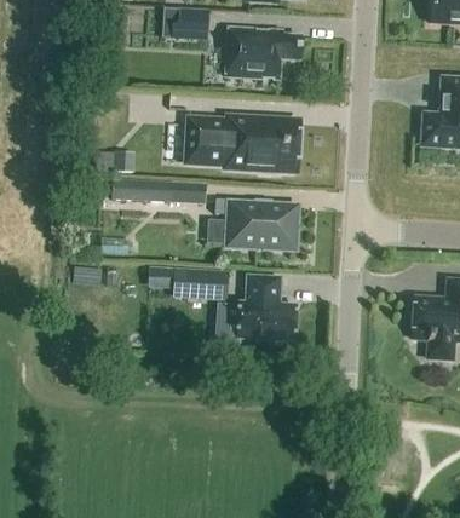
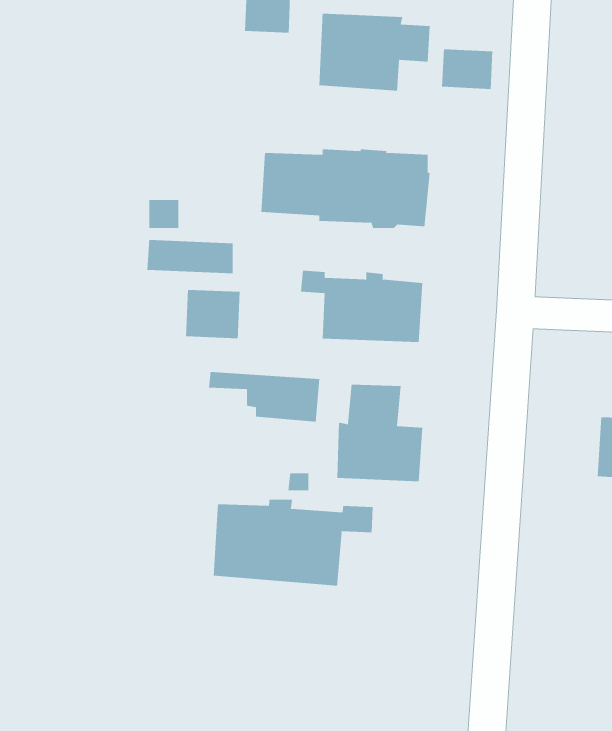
building: none -> [442,48,493,90]
building: none -> [185,289,240,339]
building: none -> [213,499,373,587]

